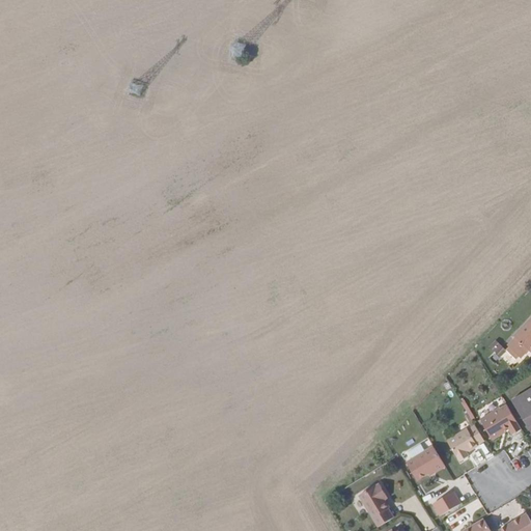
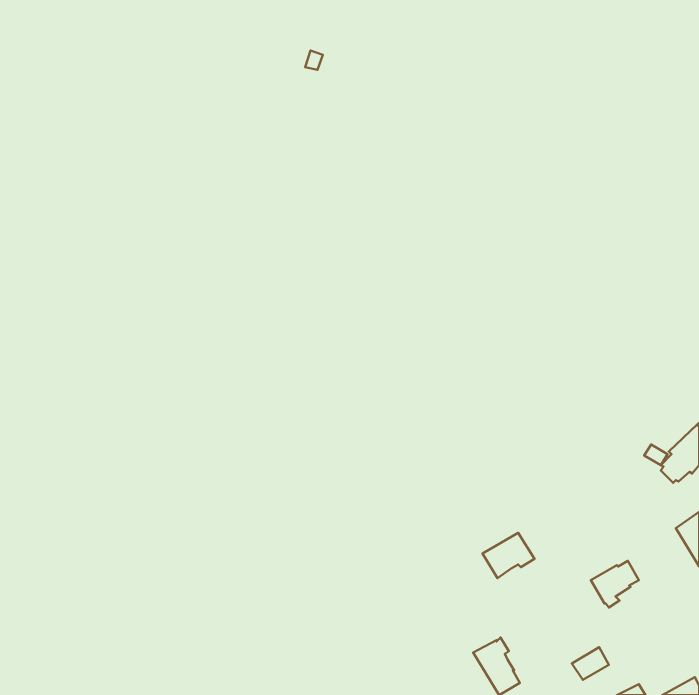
building: [481,404,518,439] -> none
building: [407,446,446,480] -> [482,533,534,578]

